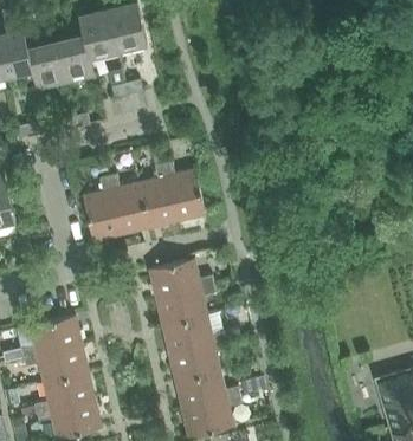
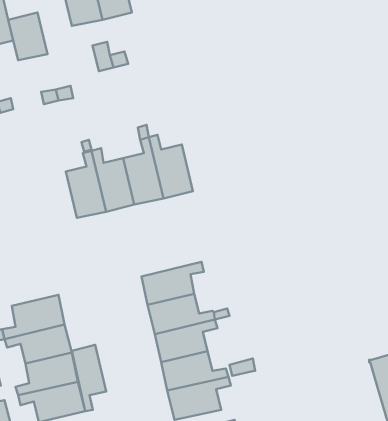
building: [54,35,92,83] -> none
building: [148,259,213,298] -> none
building: none -> [72,345,106,411]

